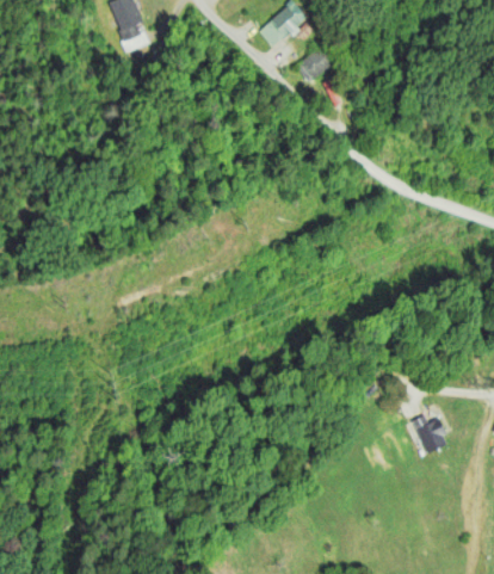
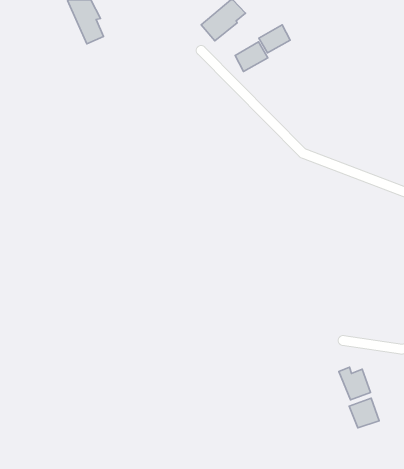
building: none -> [259,25,290,53]
building: none -> [349,398,379,428]

